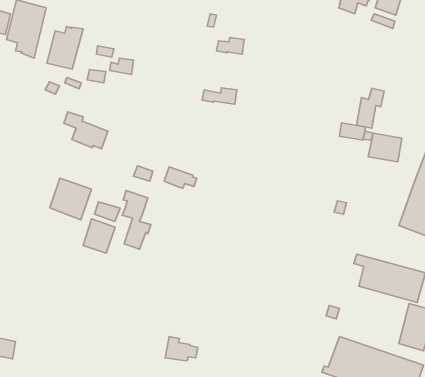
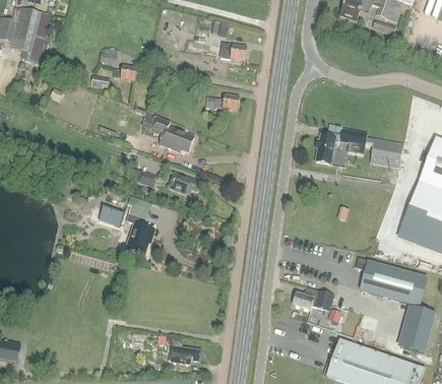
building: [47,26,83,69] -> none
building: [356,88,384,128] -> [315,124,342,164]
building: [64,112,108,149] -> [151,116,195,152]
building: [50,178,92,220] -> none
building: [83,219,115,253] -> none
building: none -> [294,291,334,310]

